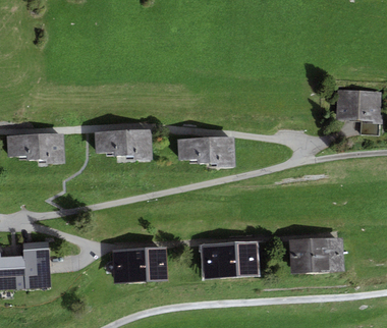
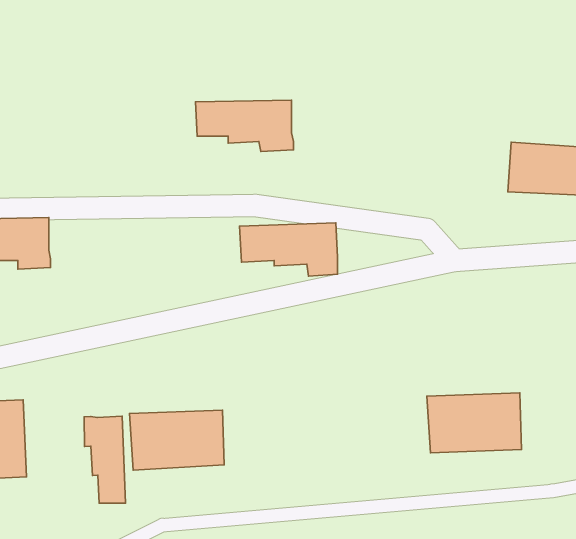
building: [94,130,152,161] -> [195,100,293,152]
building: [200,241,260,278] -> none
building: none -> [84,416,125,503]

